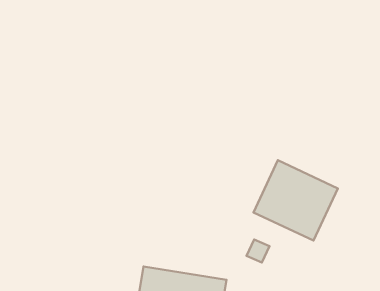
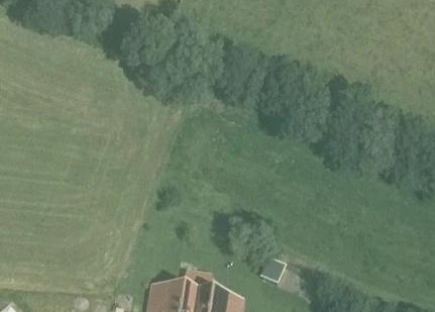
building: [253,160,338,240] -> none

